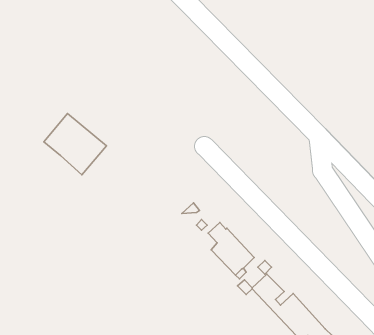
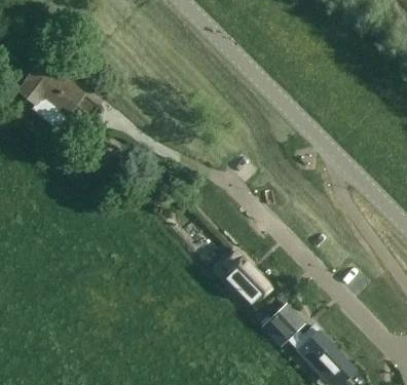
building: [44,113,106,175] -> [18,61,84,125]

